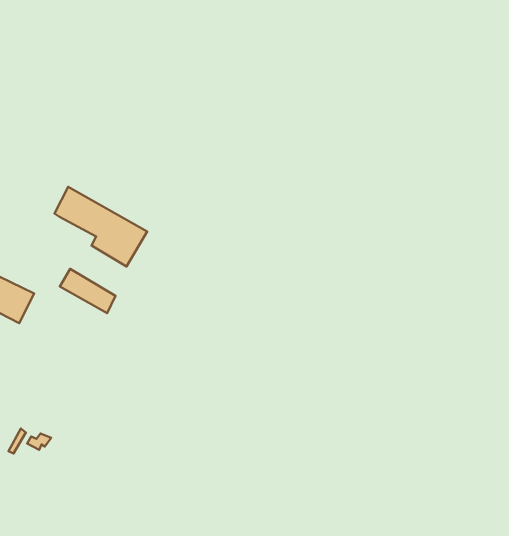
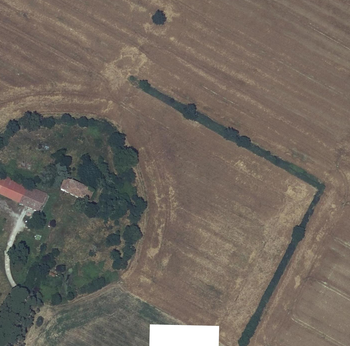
building: [55,187,147,267] -> none

